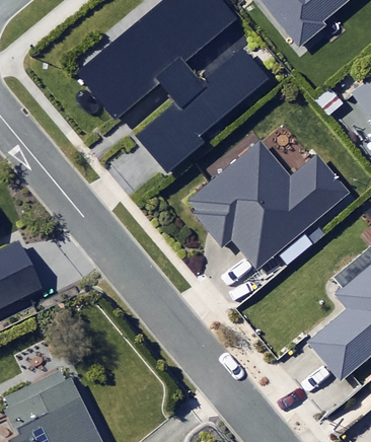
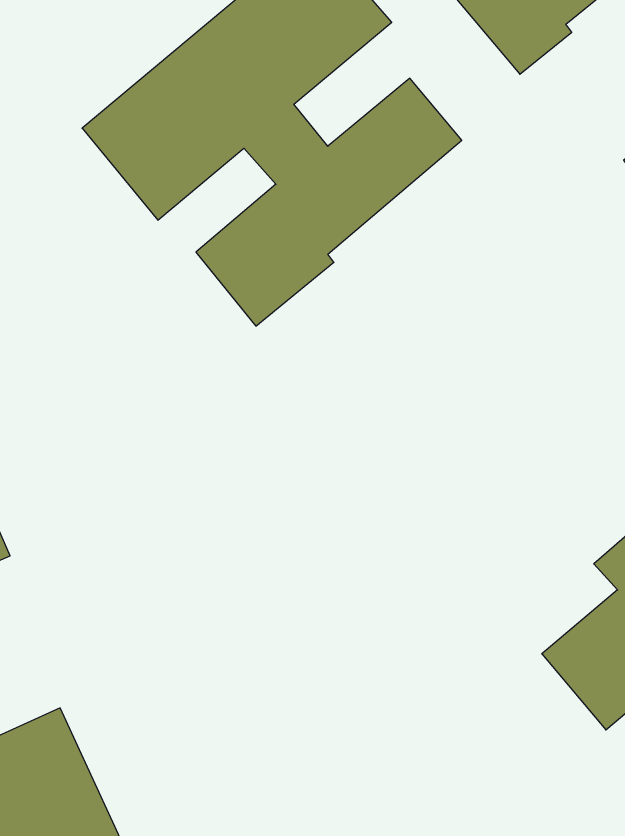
building: [187,142,347,270] -> none

